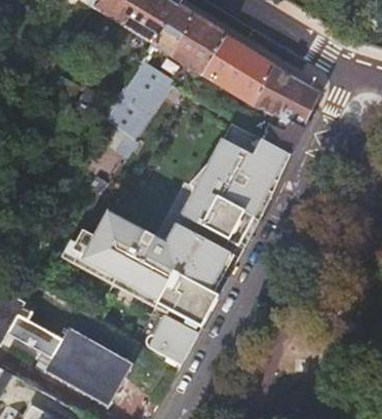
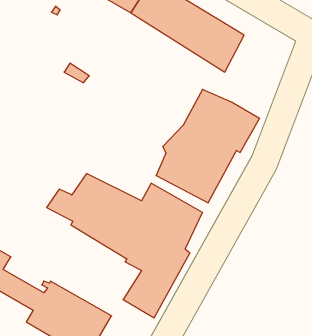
building: [101,54,176,151] -> none
building: [255,66,317,154] -> none

